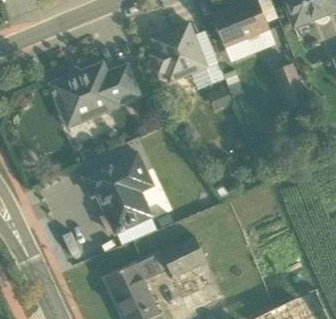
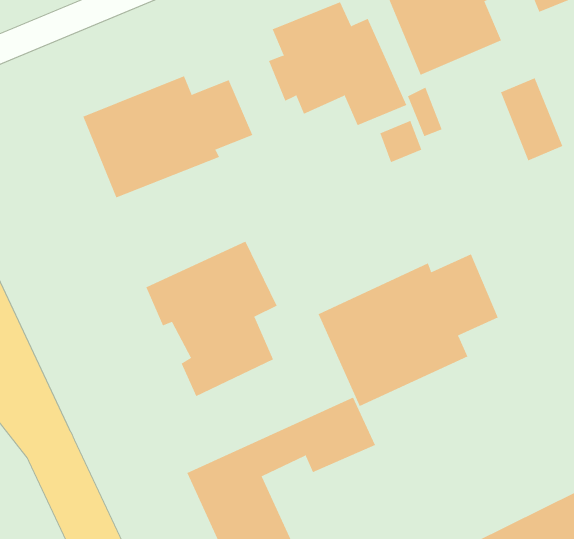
building: none -> [318,253,498,407]

